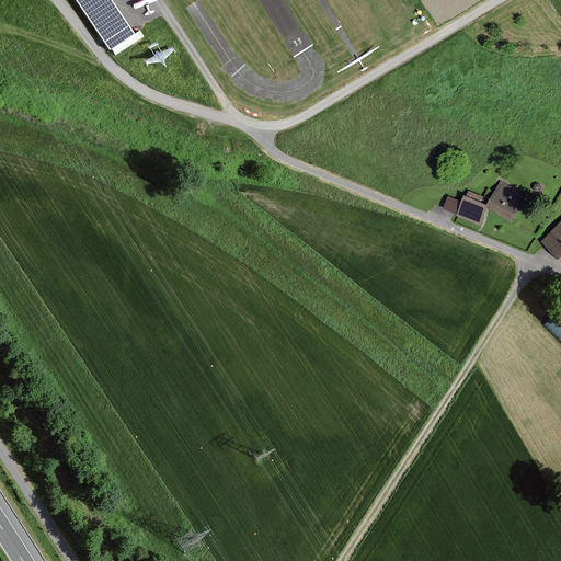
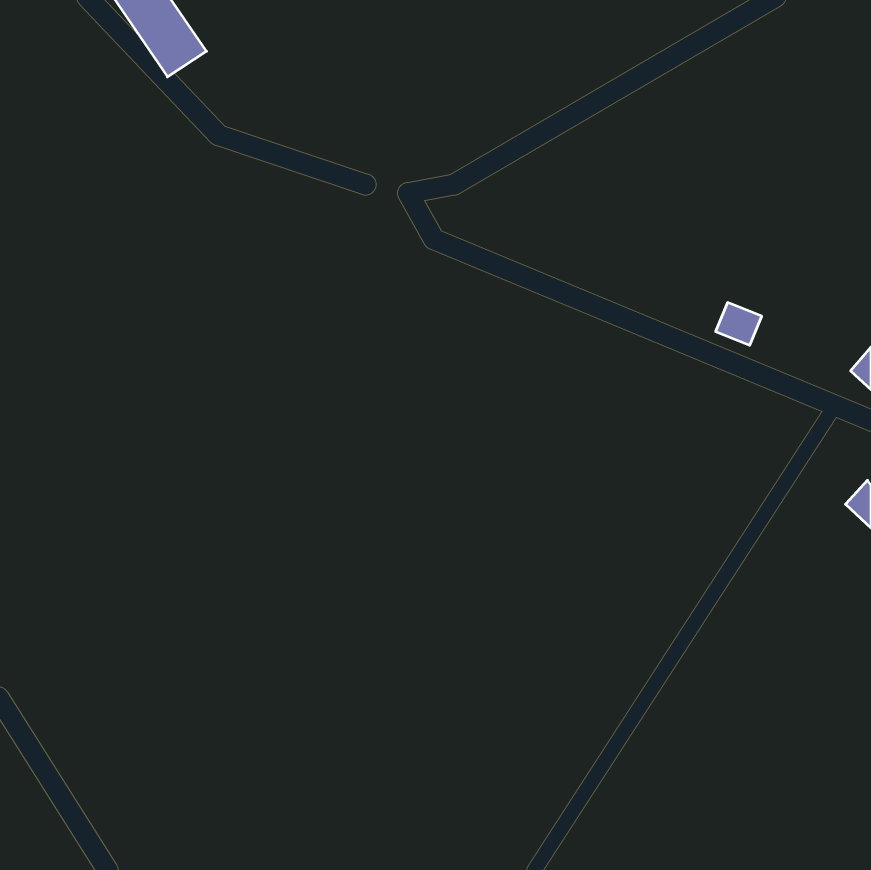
building: [490,181,525,216] -> none

